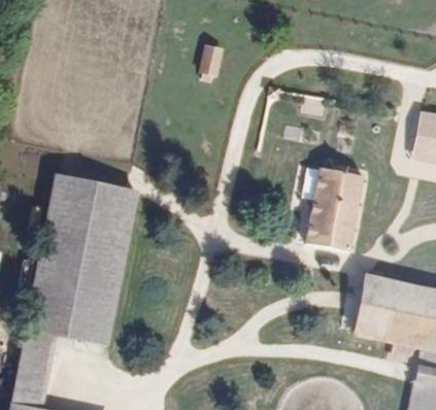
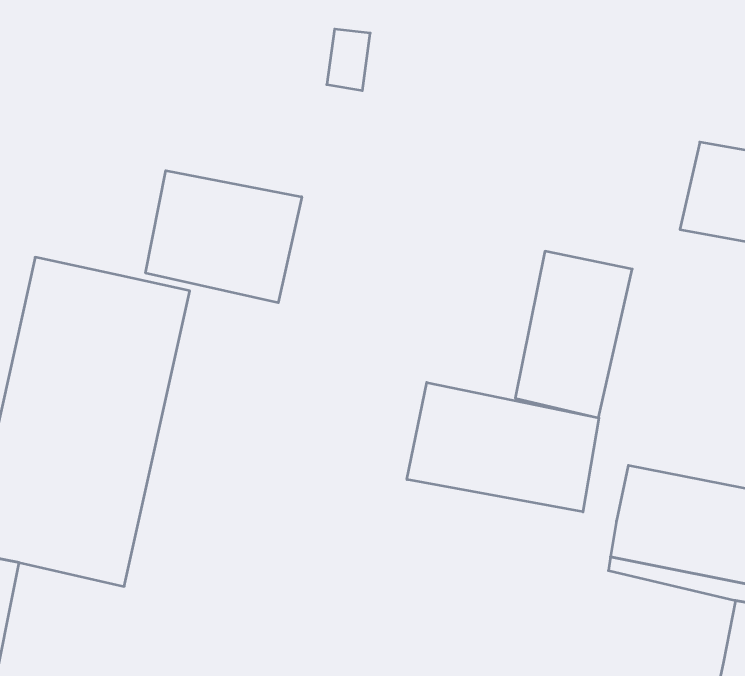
building: none -> [146,171,302,303]
building: none -> [407,382,599,512]

